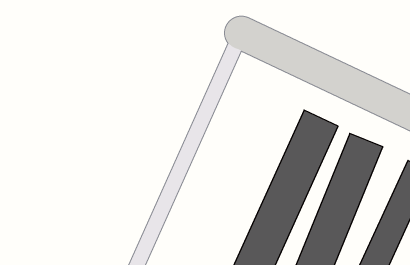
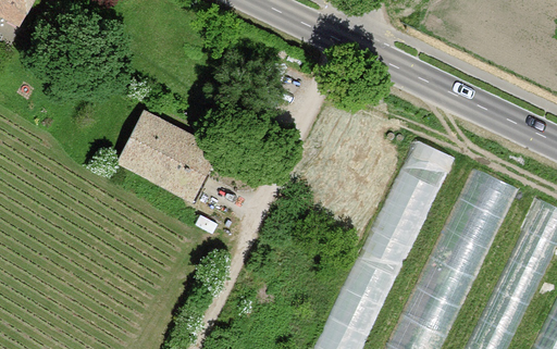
building: none -> [119,114,211,196]

